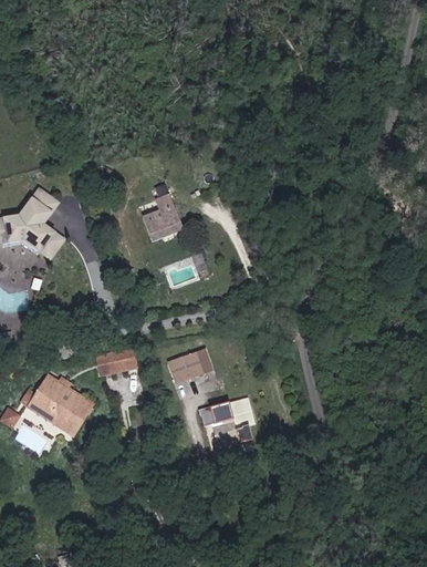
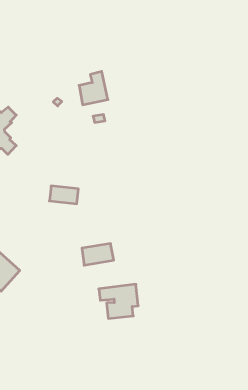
building: [142,194,183,241] -> [79,71,108,105]
building: [96,350,134,372] -> [49,186,78,204]

